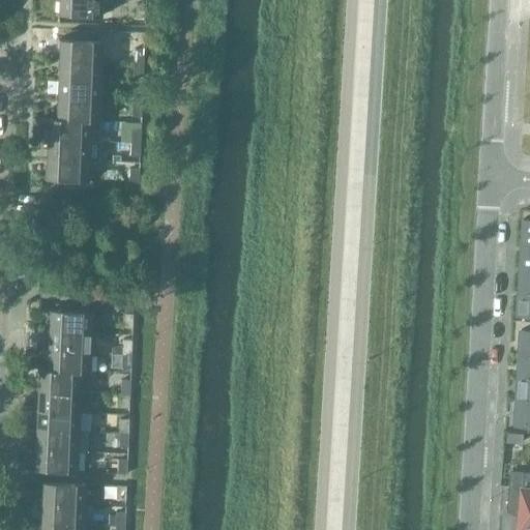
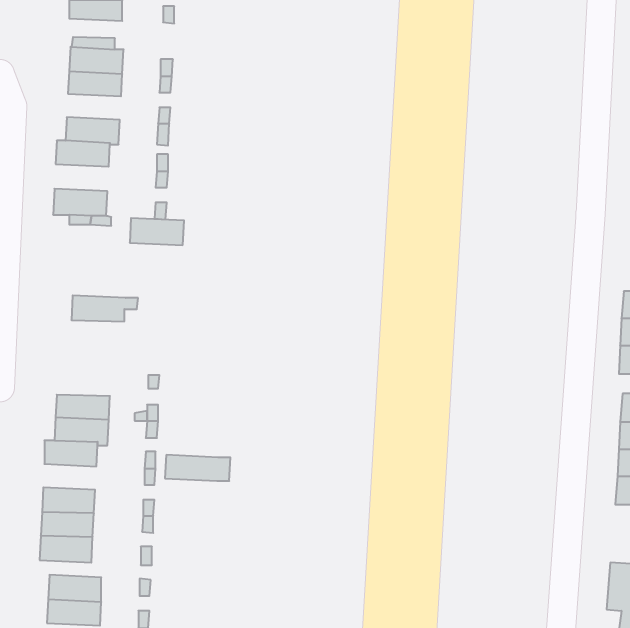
building: [57,81,102,102] -> none
building: [47,140,92,163] -> [130,218,184,245]
building: [49,313,105,334] -> [71,295,138,321]
building: [37,391,92,413] -> [165,455,230,481]

